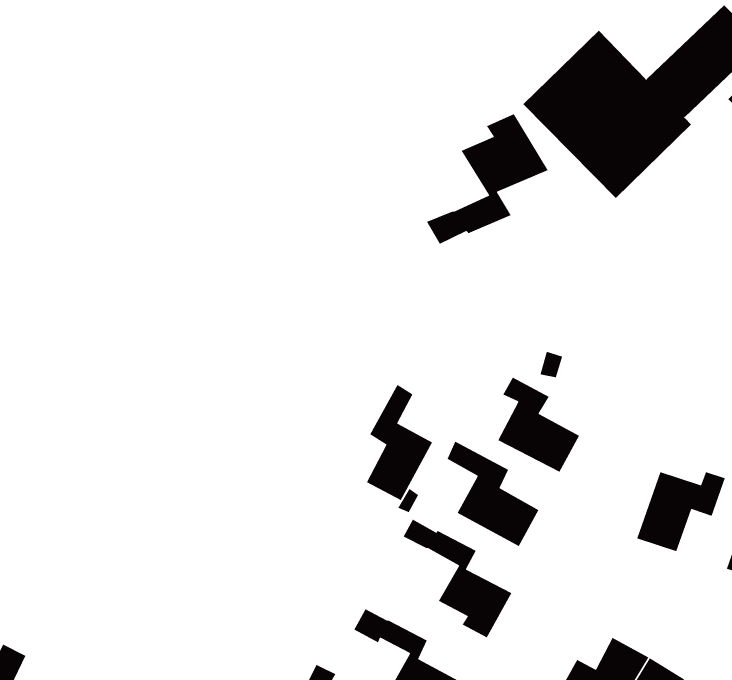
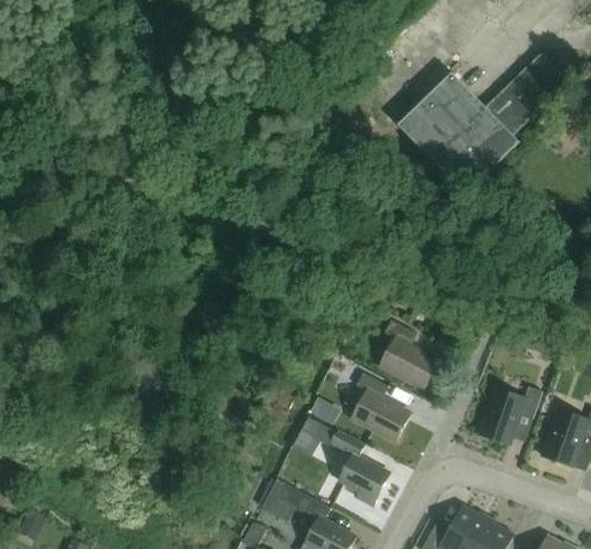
building: [426,113,549,245] -> none
building: [366,384,433,501] -> none

